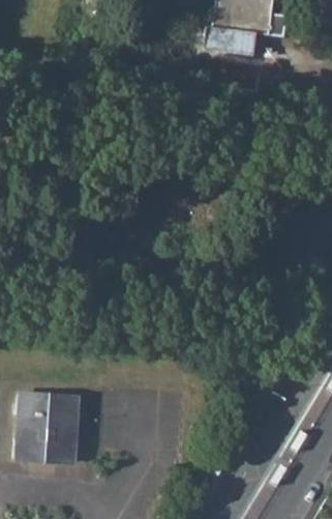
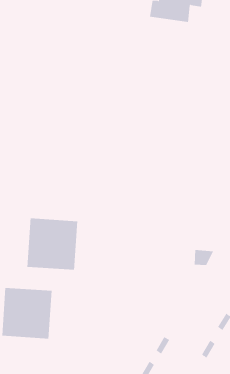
building: none -> [27,218,78,271]

